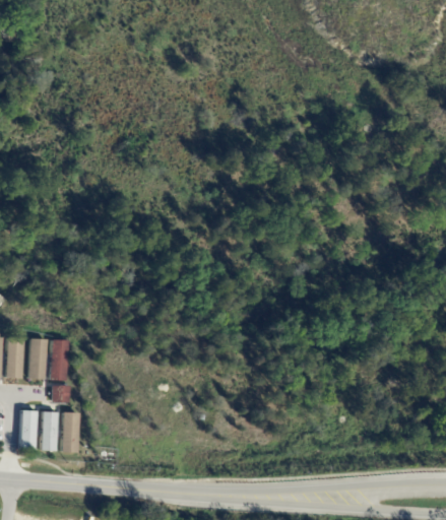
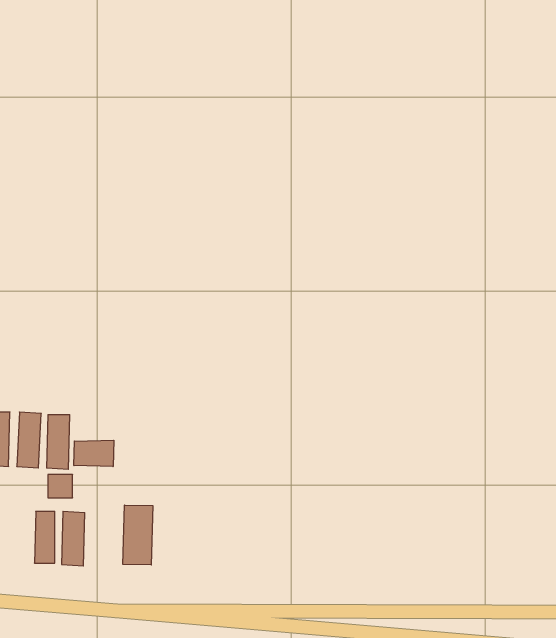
building: none -> [74,440,114,467]
building: none -> [123,505,153,565]
building: [20,410,38,450] -> none

